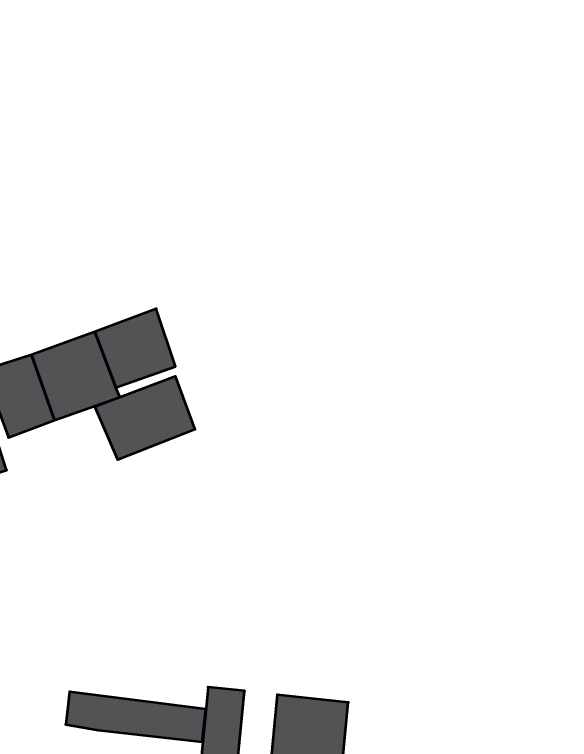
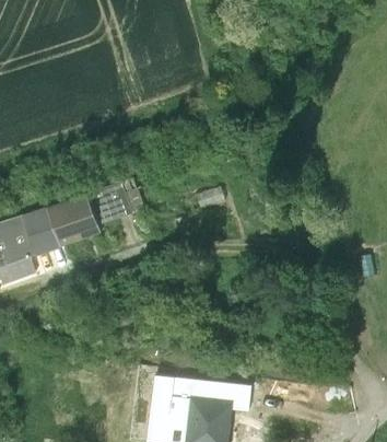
building: [95,376,195,460] -> none
building: [66,692,206,742] -> [153,376,233,405]

